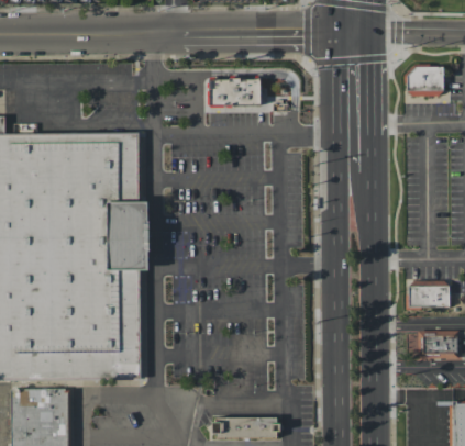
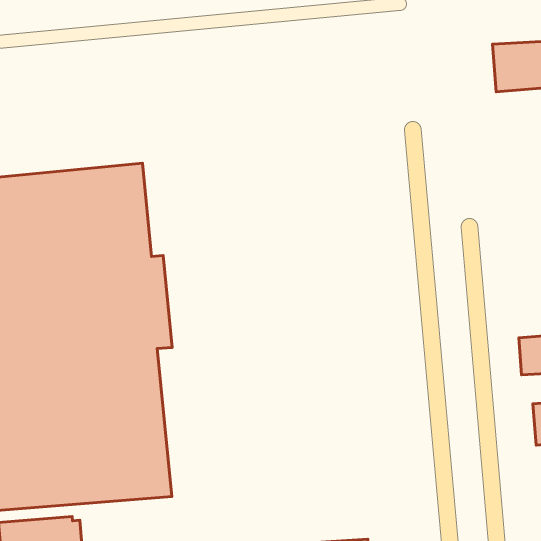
building: [206,77,262,108] -> none

